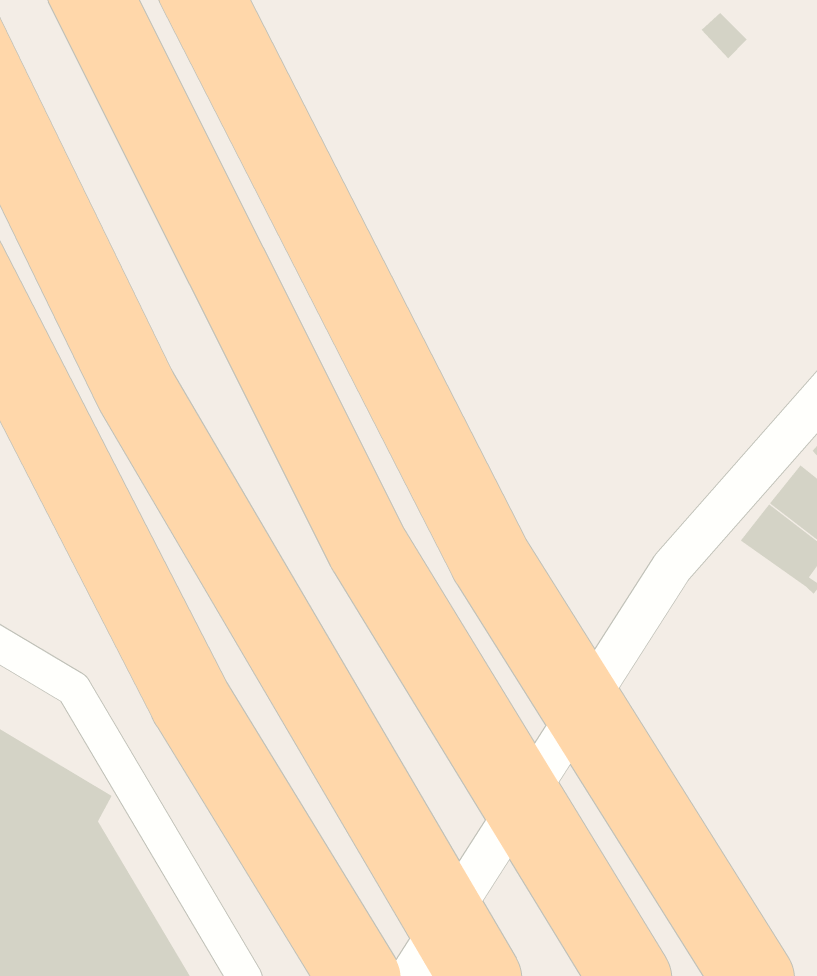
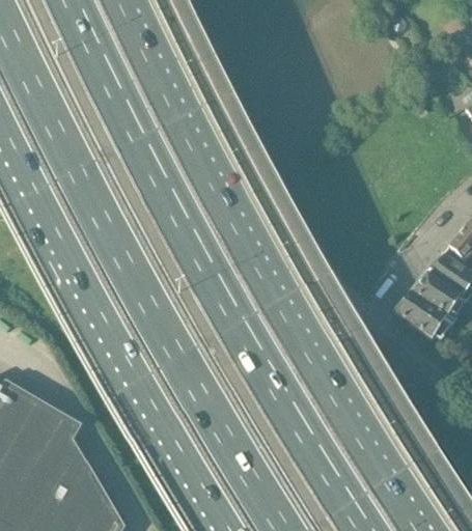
building: none -> [393,292,446,338]

